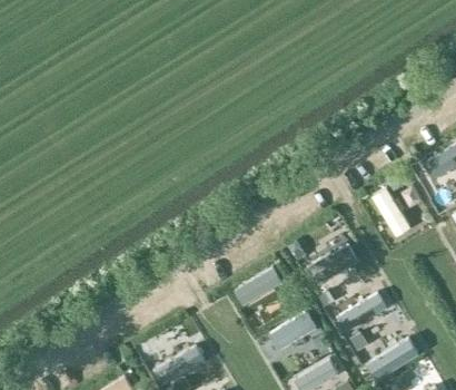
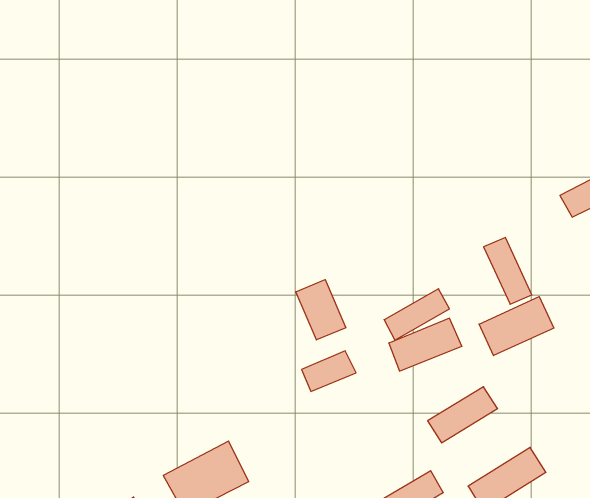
building: none -> [296,280,346,340]
building: none -> [479,297,554,356]
building: [268,310,318,353] -> none

